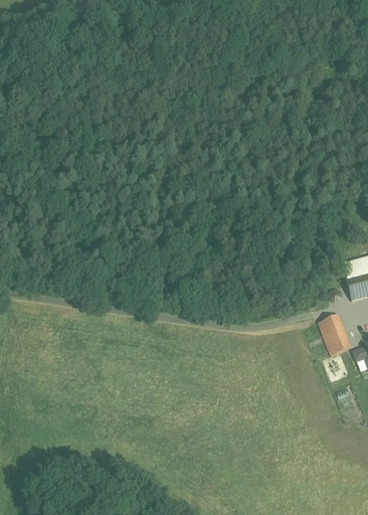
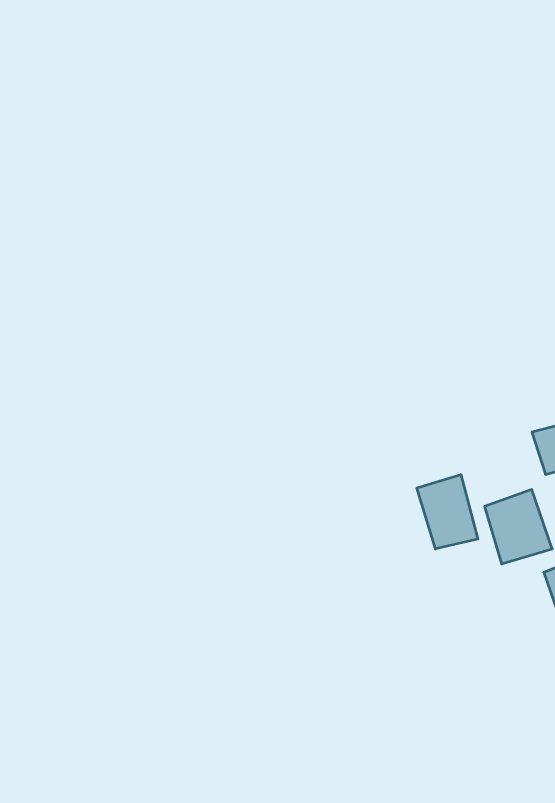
building: none -> [417,475,478,549]

